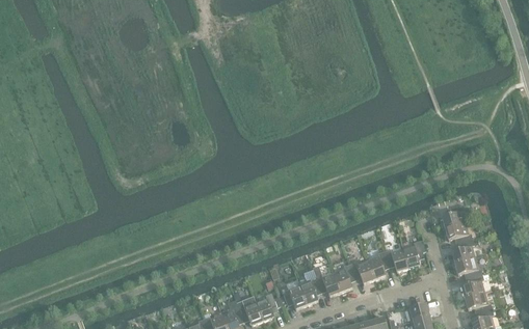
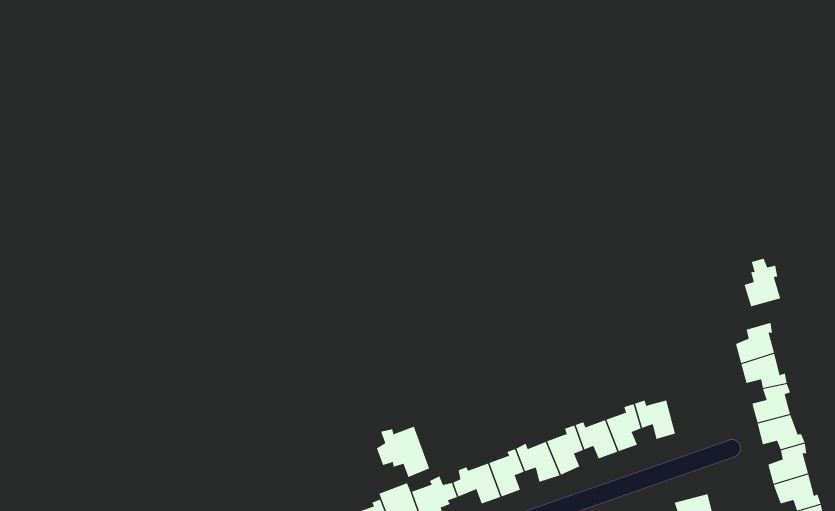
building: none -> [744,258,781,307]
building: [401,239,424,268] -> none
building: none -> [376,426,430,478]

